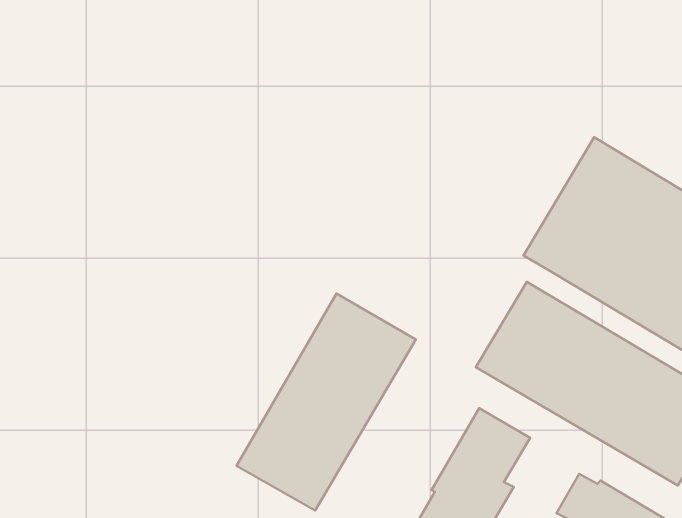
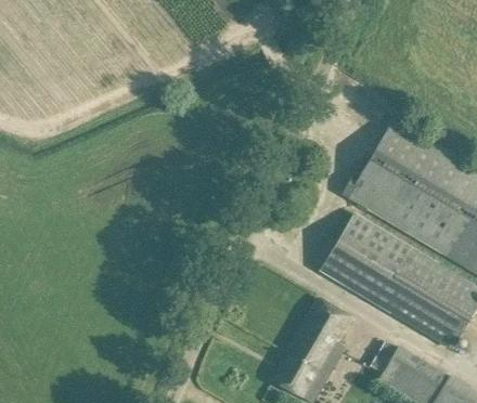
building: [237,293,416,510] -> none

